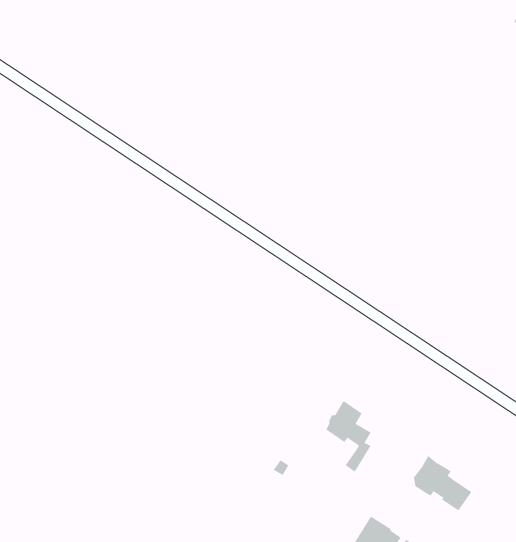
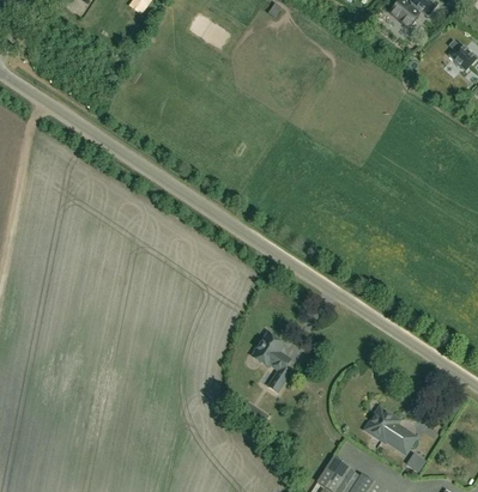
building: [326,400,371,472] -> [253,333,290,391]

